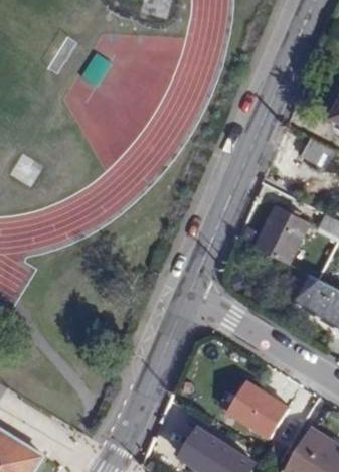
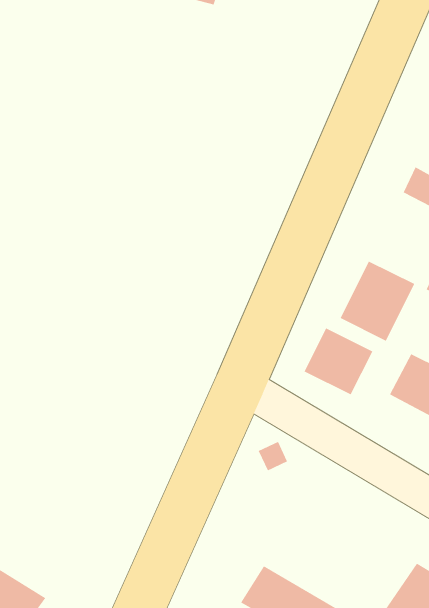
building: none -> [304,328,373,395]
building: [227,382,287,437] -> none

